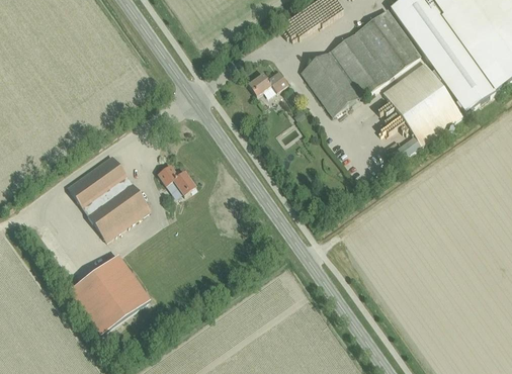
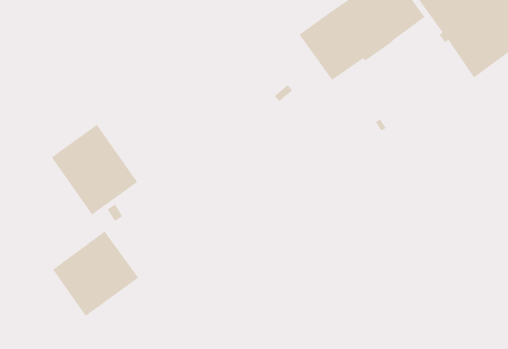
building: [382,61,462,144] -> none
building: [248,71,287,95] -> none
building: [158,164,196,194] -> none

